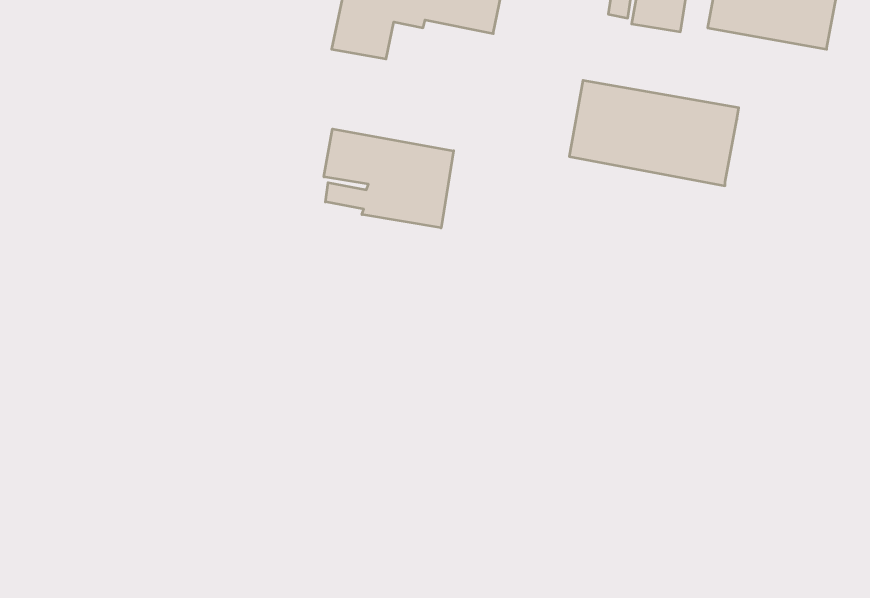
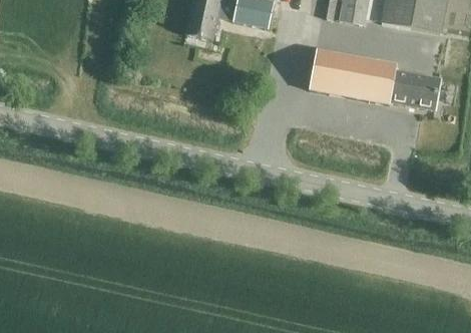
building: none -> [388,69,439,109]
building: [324,129,454,228] -> none

